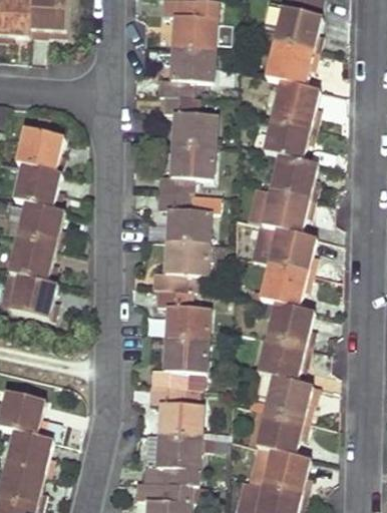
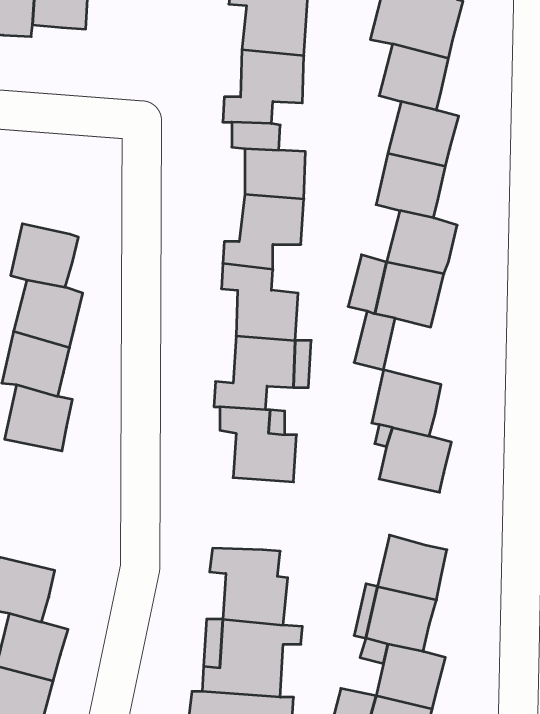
building: [16,126,64,170] -> none
building: [269,227,317,273] -> none
building: [152,336,208,385] -> none
building: [258,337,307,382] -> none

